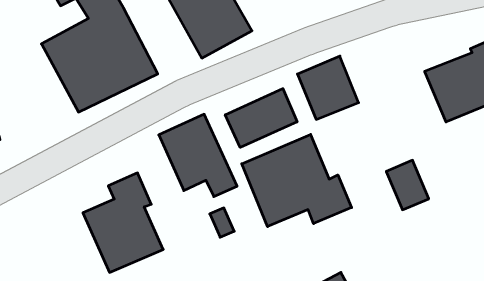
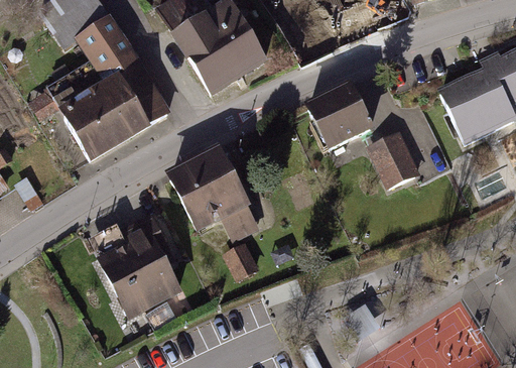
building: [225,89,297,147] -> none
building: [242,134,352,227] -> none
building: [386,160,429,210] -> [371,133,416,185]

